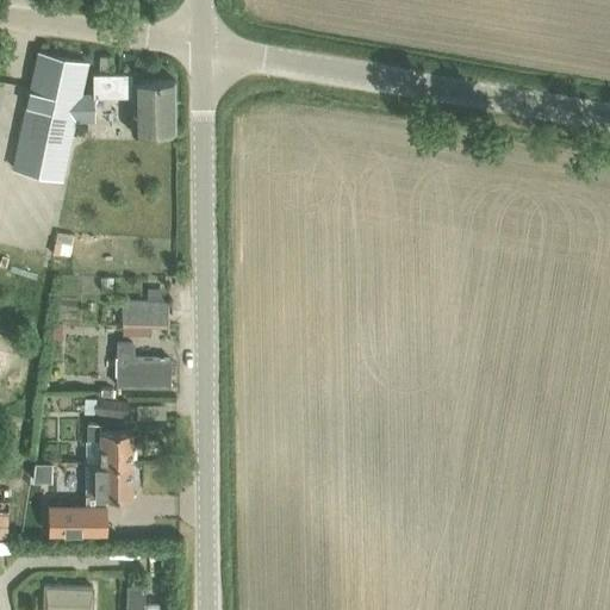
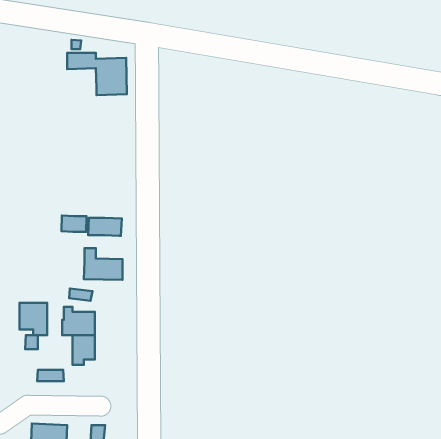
building: [13,55,91,181] -> none
building: none -> [62,215,86,232]
building: none -> [19,303,47,335]

